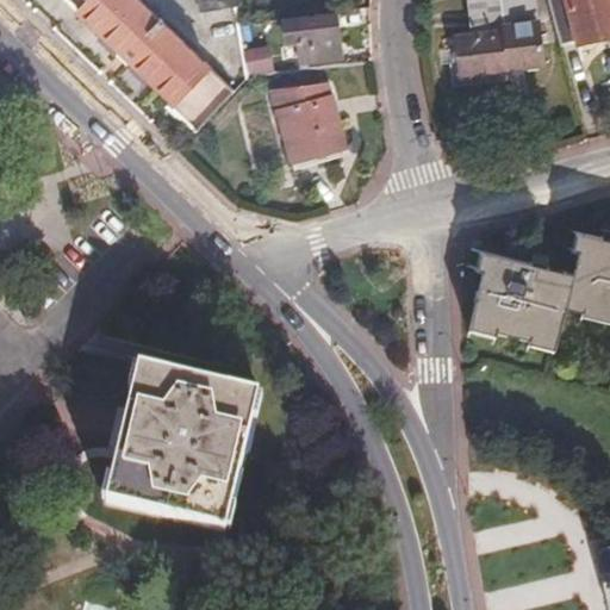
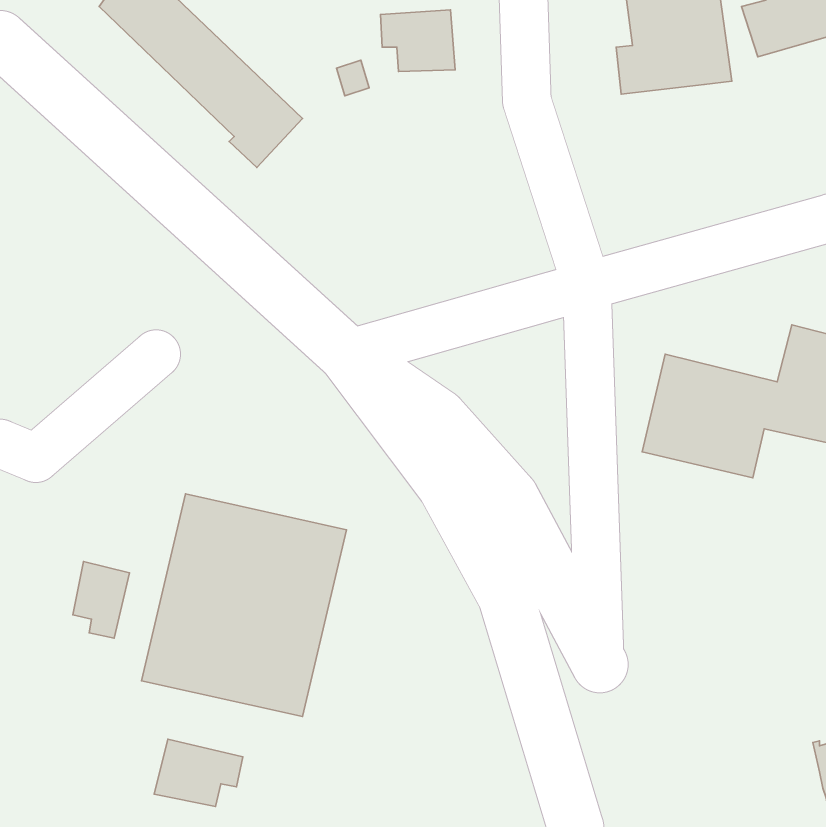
building: [272,79,341,156] -> none
building: none -> [73,561,129,638]
building: none -> [154,739,243,806]

